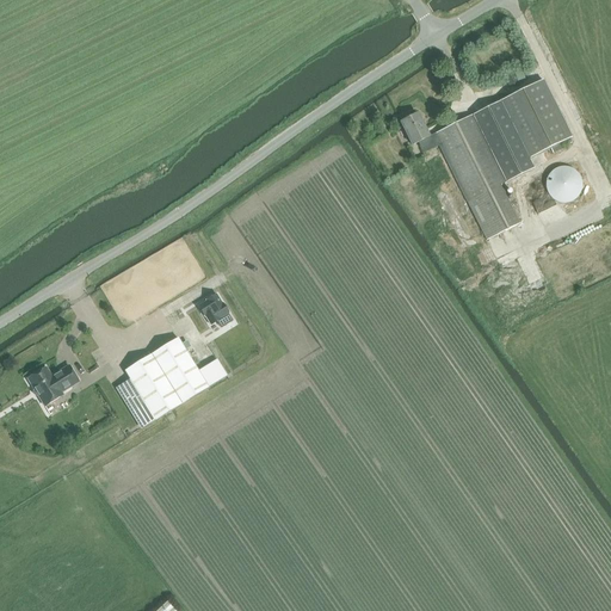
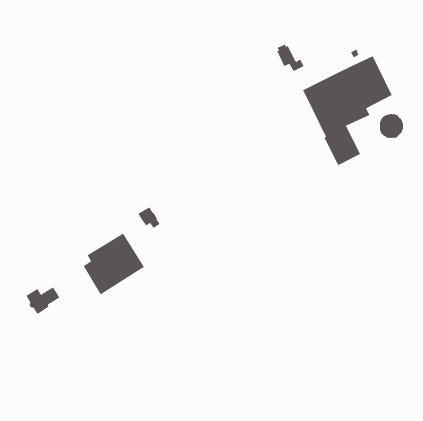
building: [401,109,442,149] -> [276,44,305,72]
building: [29,363,79,403] -> [25,287,60,315]

